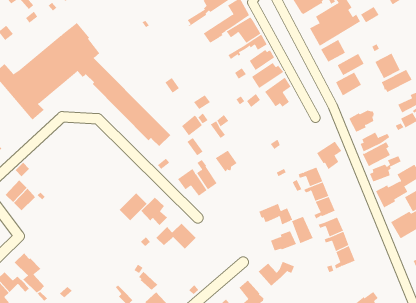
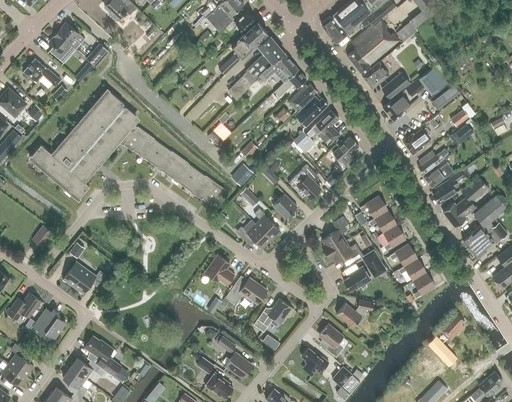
building: none -> [296,164,320,199]
building: [316,141,342,170] -> [332,136,358,167]
building: none -> [321,216,348,252]
building: [119,193,148,221] -> none
building: none -> [253,299,290,332]

